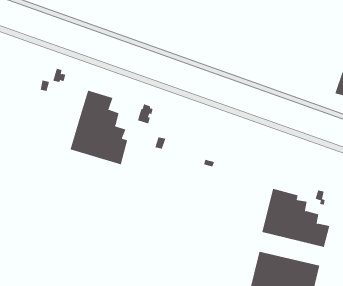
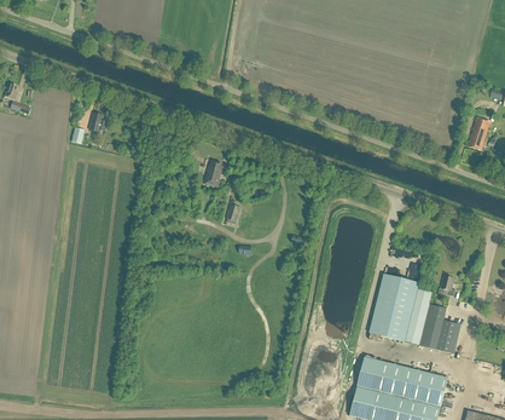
building: [70,90,128,165] -> none

